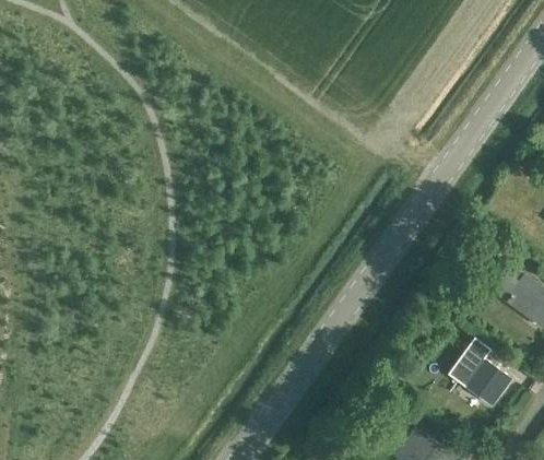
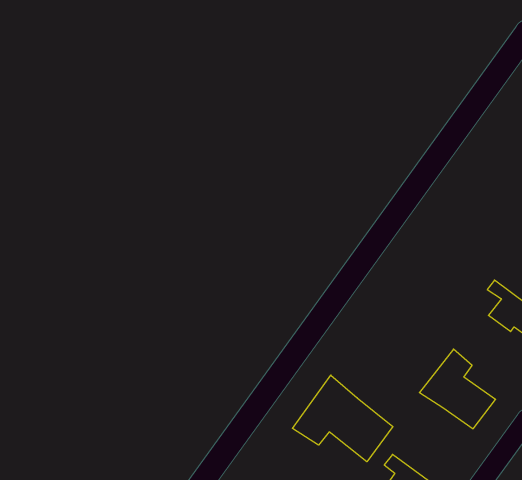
building: none -> [292,375,393,462]

